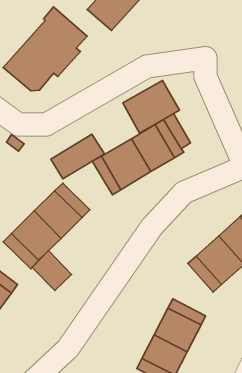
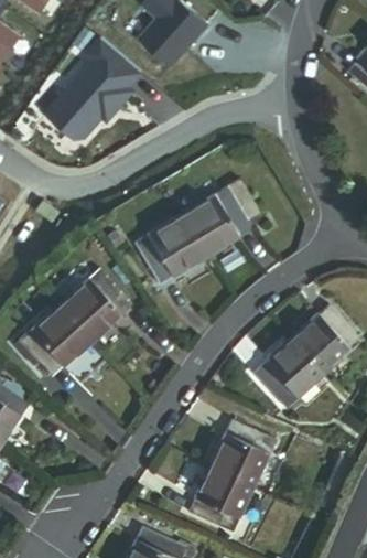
building: [123,81,180,133] -> none
building: [51,134,105,179] -> none
building: [32,251,72,291] -> none

